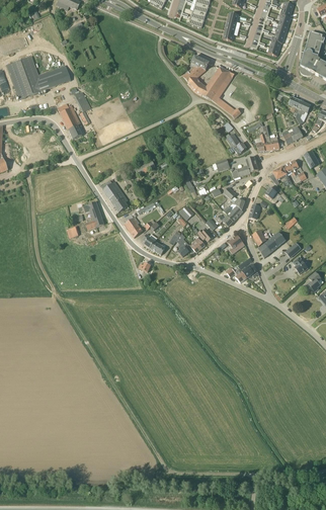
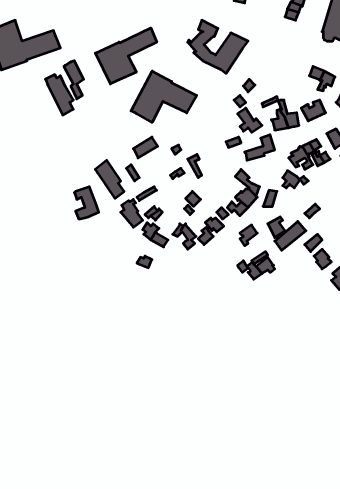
building: none -> [95,28,157,84]
building: none -> [131,71,197,122]

